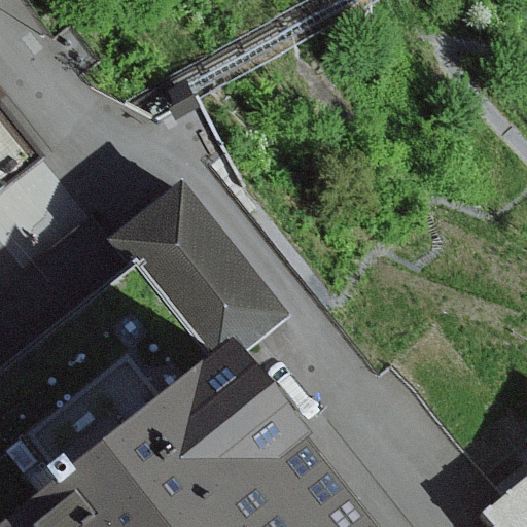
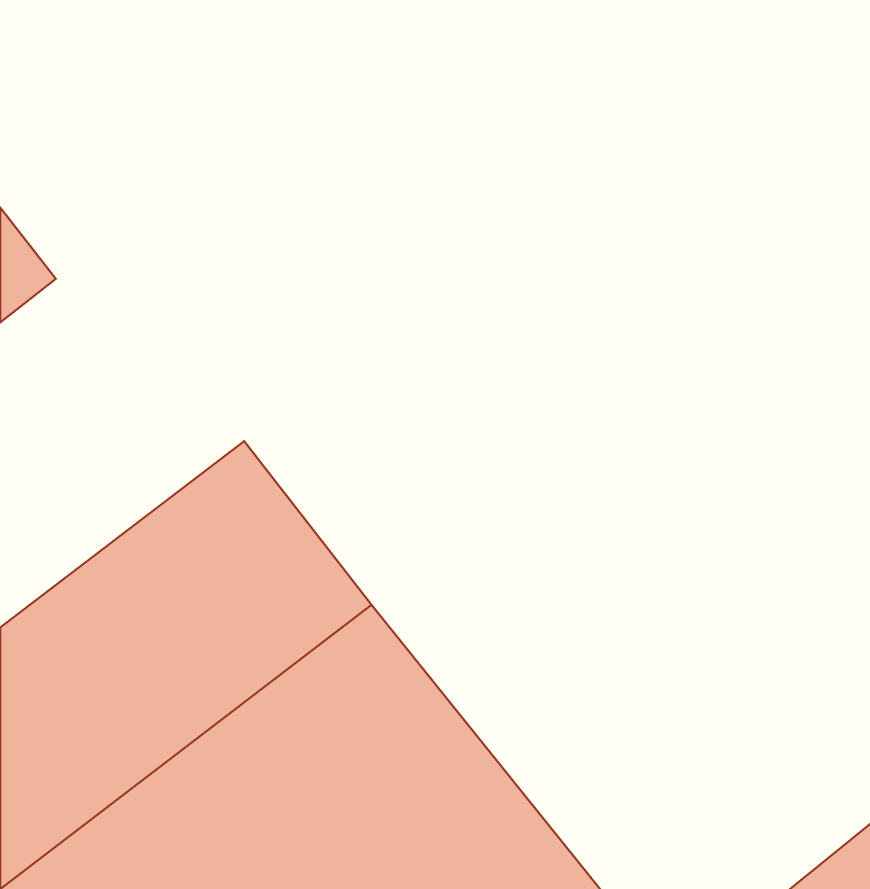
building: [127,180,288,358] -> none

